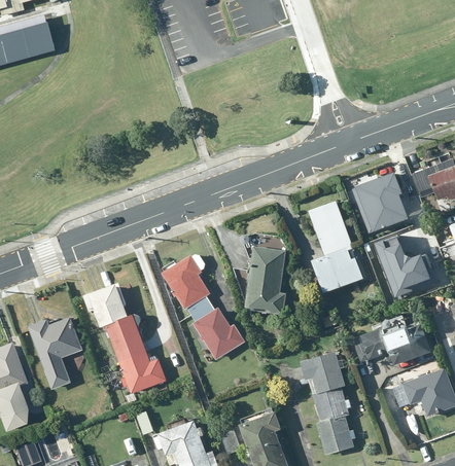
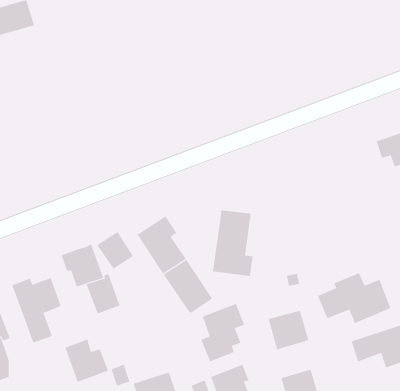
building: [352,172,406,231] -> none
building: [310,201,366,294] -> none
building: [373,235,438,297] -> none
building: none -> [97,231,134,270]
building: none -> [201,303,245,362]
building: [119,348,167,394] -> [65,339,109,382]
building: [311,387,348,424] -> none

